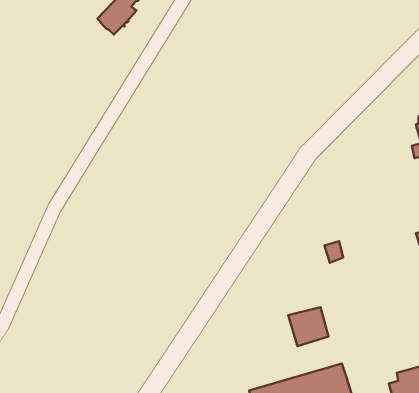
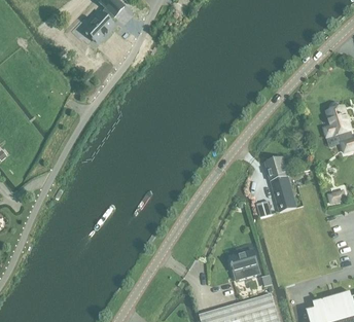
building: none -> [266,157,297,212]

